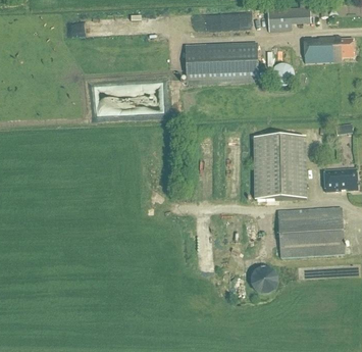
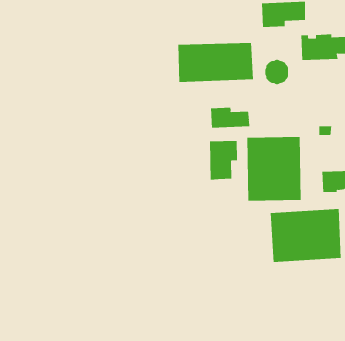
building: none -> [211,107,250,128]
building: none -> [209,140,238,180]
building: [251,266,278,294] -> none

